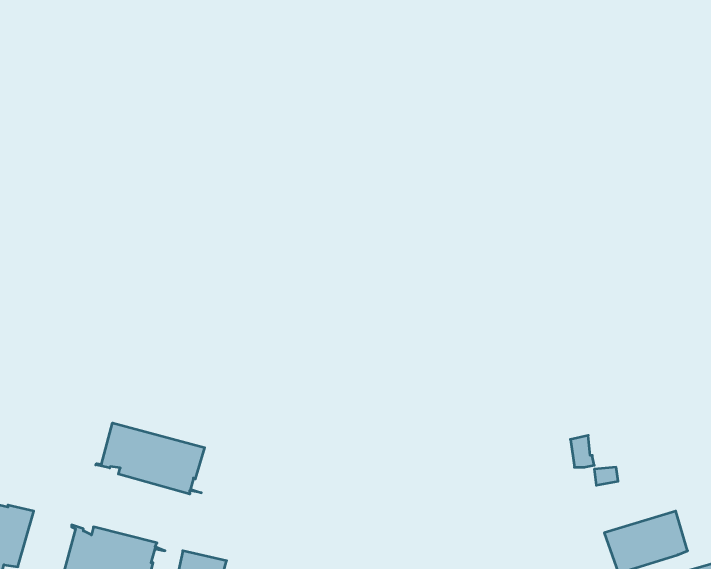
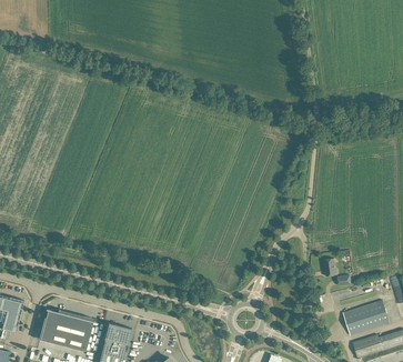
building: [96,423,205,494] -> none

